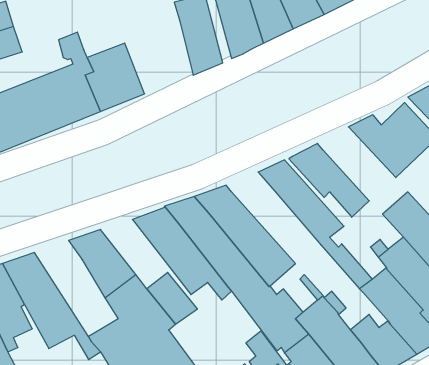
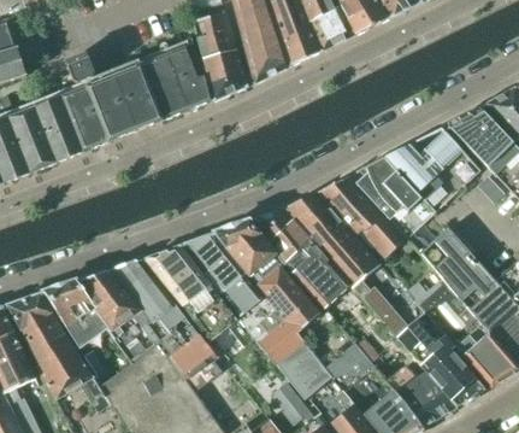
building: none -> [137,40,212,119]
building: none -> [354,156,434,236]
building: none -> [248,205,352,305]
building: none -> [111,258,184,333]
building: none -> [43,280,130,376]

